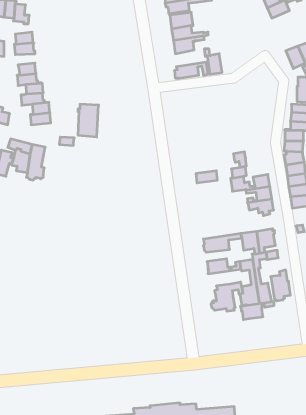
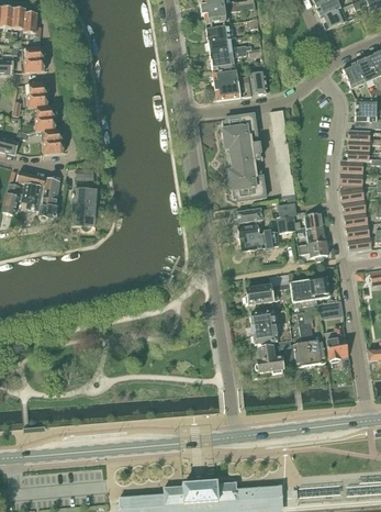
building: none -> [212,66,248,86]
building: none -> [222,113,265,201]
building: [78,104,99,137] -> [71,188,96,226]
building: none -> [234,224,278,249]
building: [240,302,274,320] -> [250,323,290,344]

